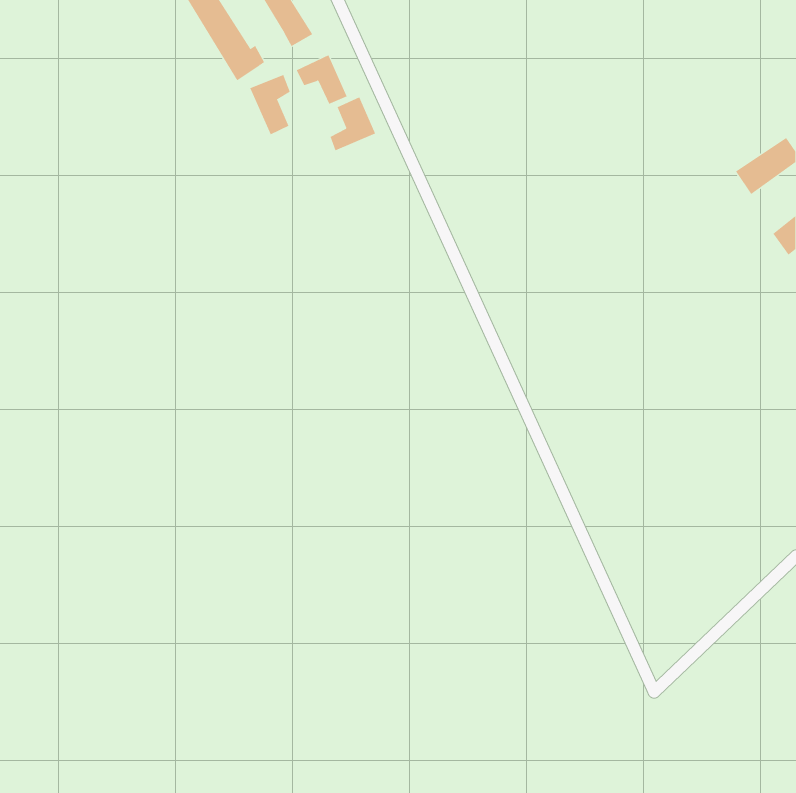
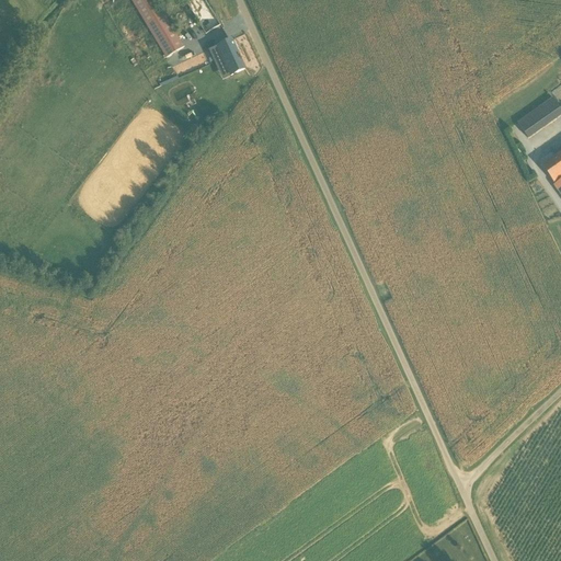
building: [250,74,291,135] -> none
building: [330,96,376,151] -> none

